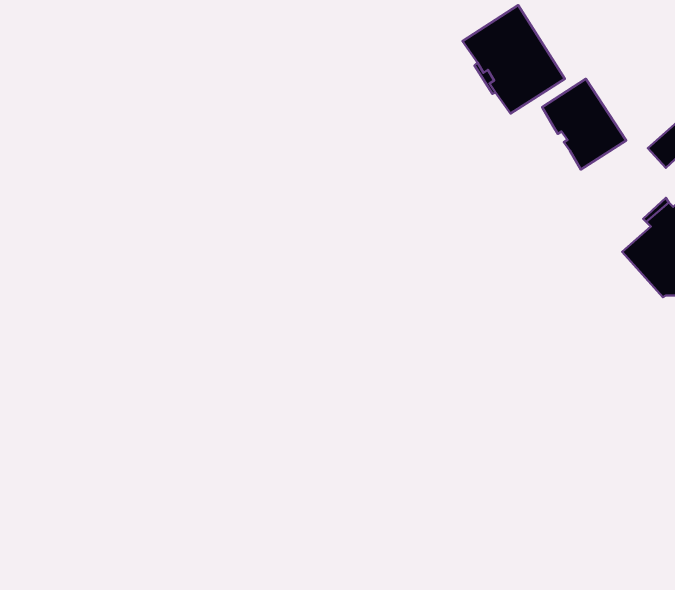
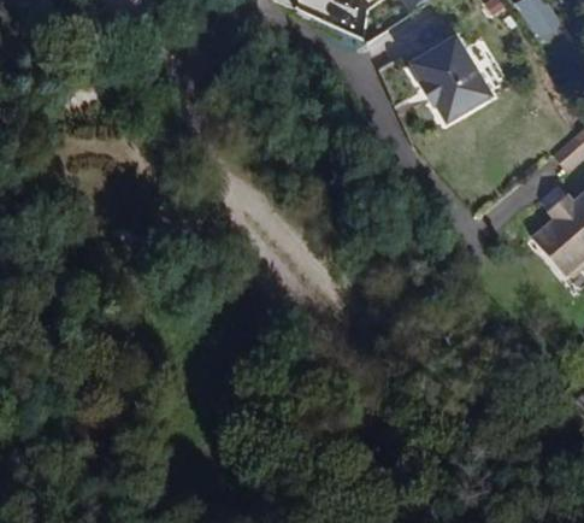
building: [542,79,626,169] -> none

